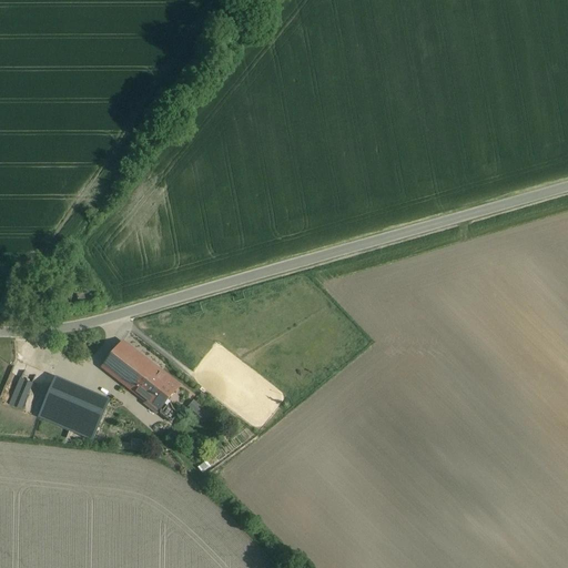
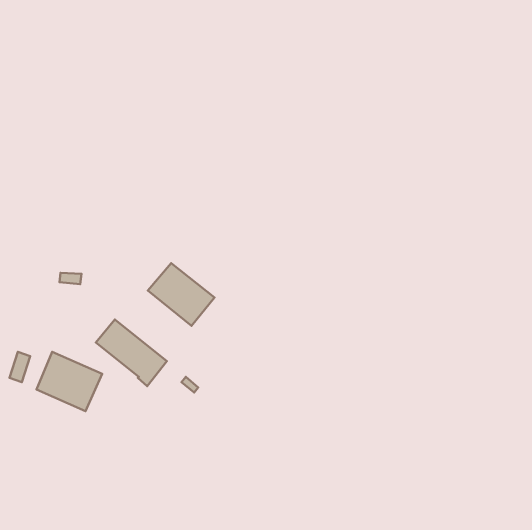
building: none -> [148,263,214,326]

